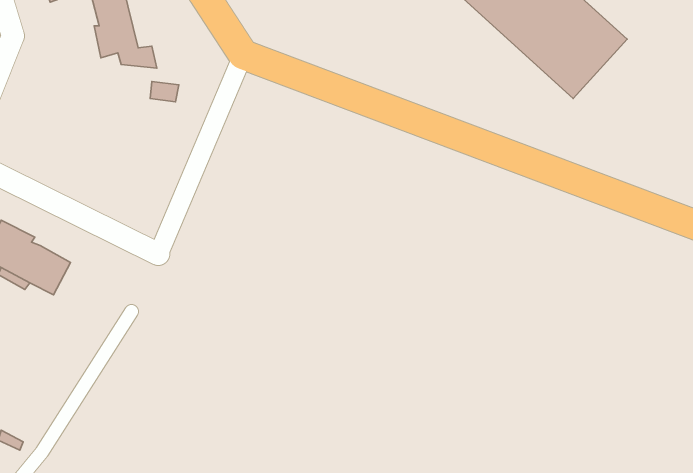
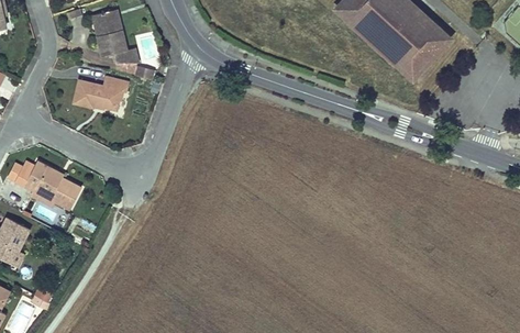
building: none -> [73,74,128,109]

